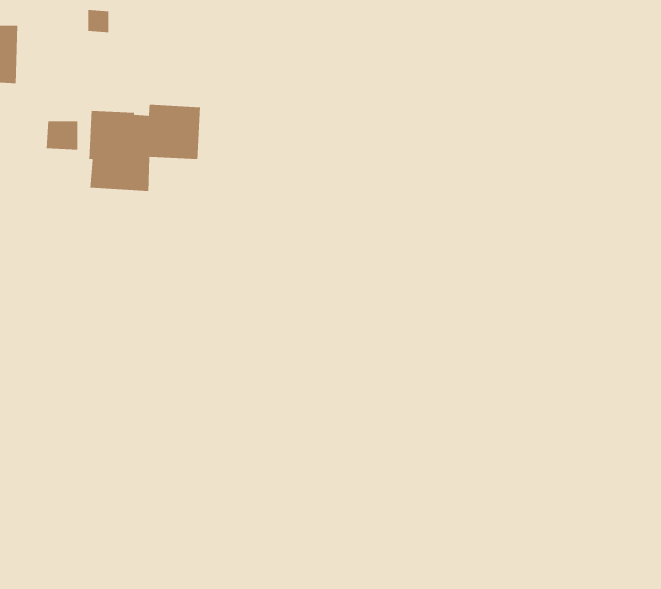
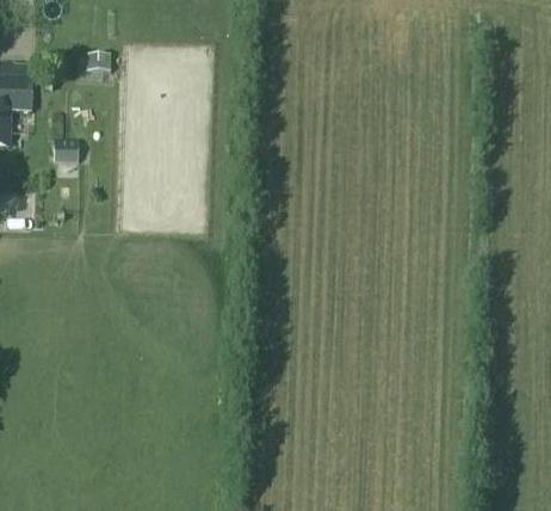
building: [89,104,200,192] -> none

